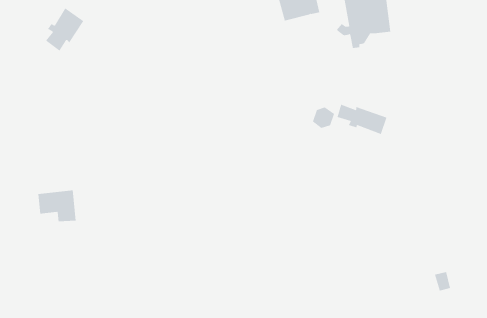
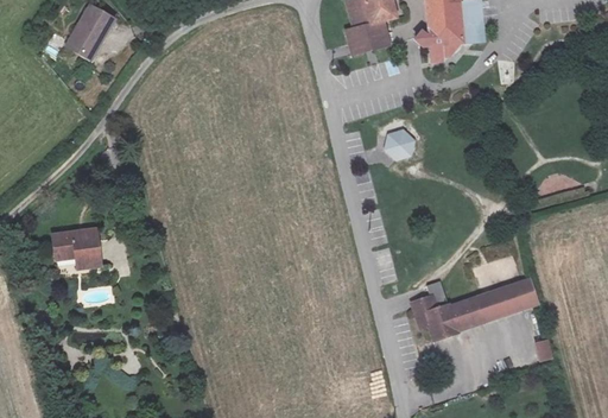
building: none -> [346,19,391,55]
building: [337,104,387,135] -> none
building: none -> [412,277,534,336]

